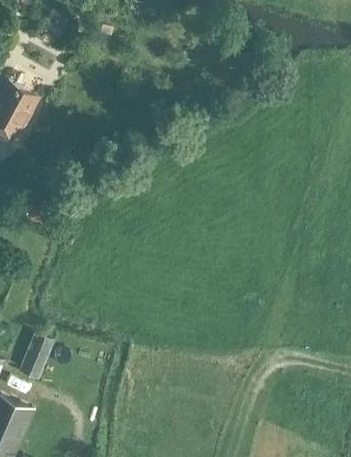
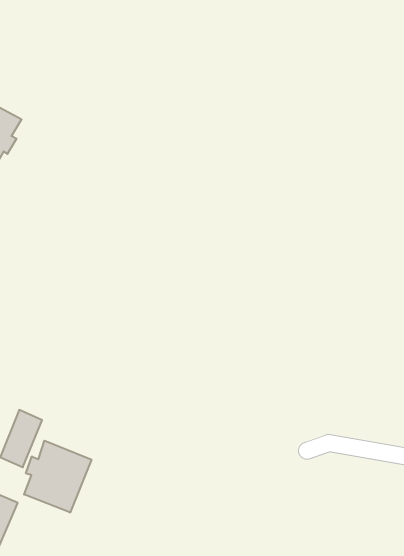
building: none -> [24,441,91,513]

